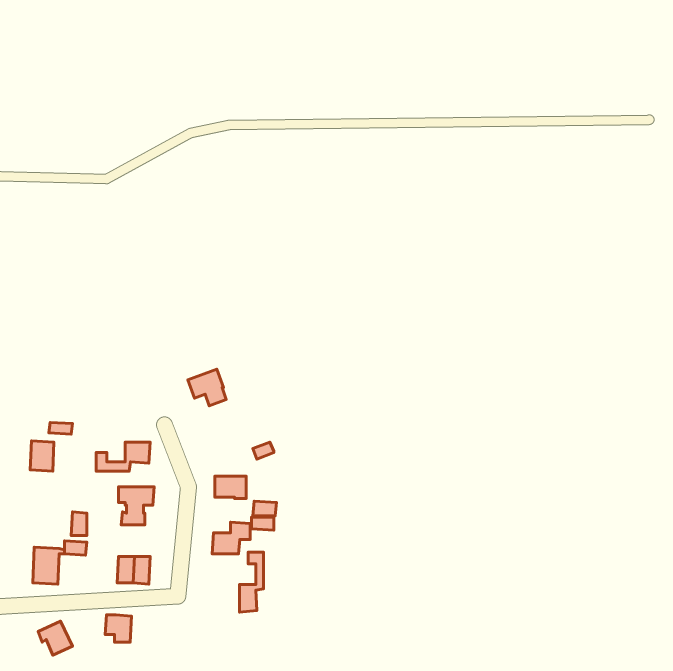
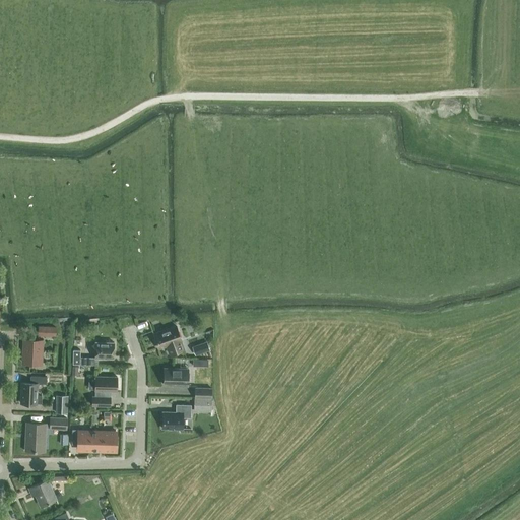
building: [188,369,226,406] -> [155,326,185,354]
building: none -> [21,377,47,405]
building: [239,552,264,612] -> none
building: [105,615,132,642] -> [71,430,91,451]

